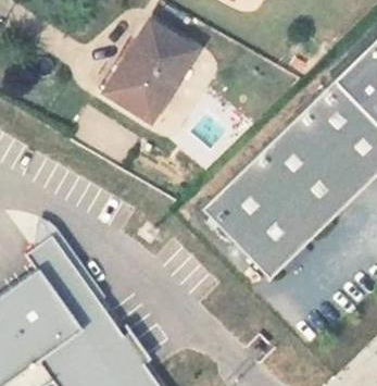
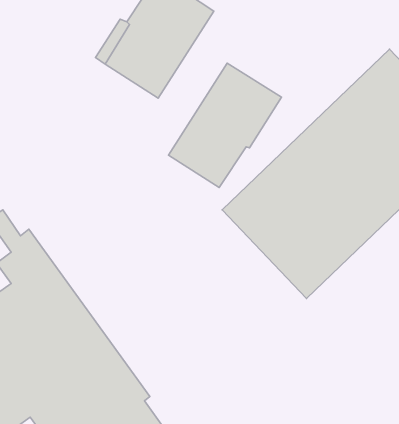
building: none -> [168,63,281,188]

